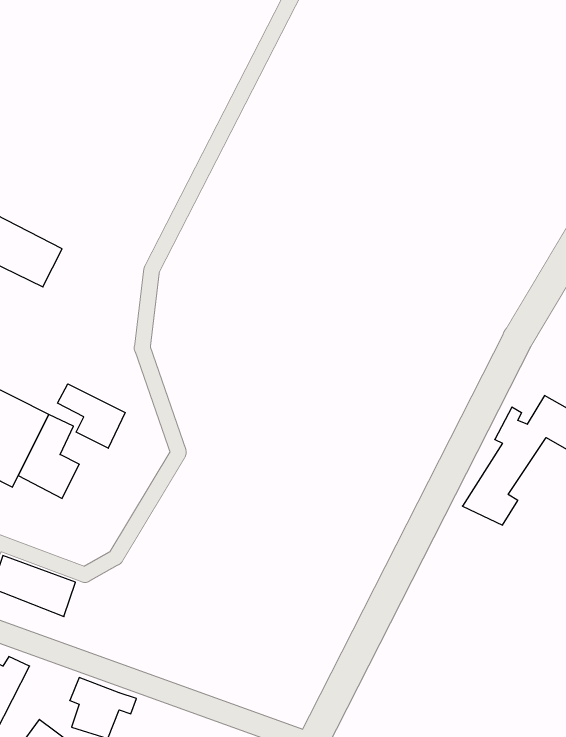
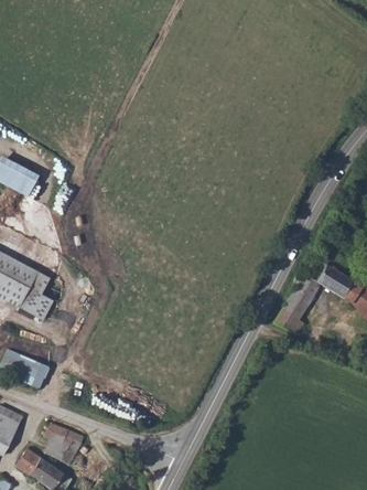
building: [58,384,125,448] -> none

